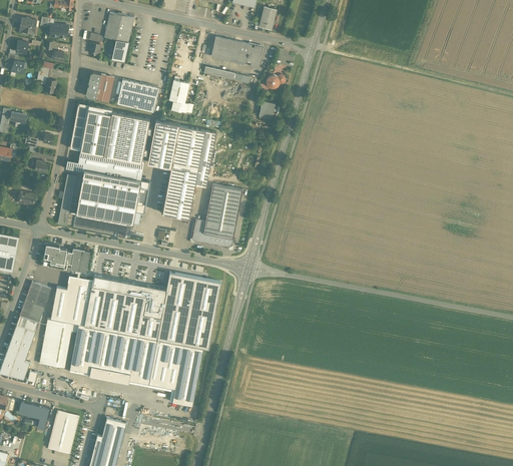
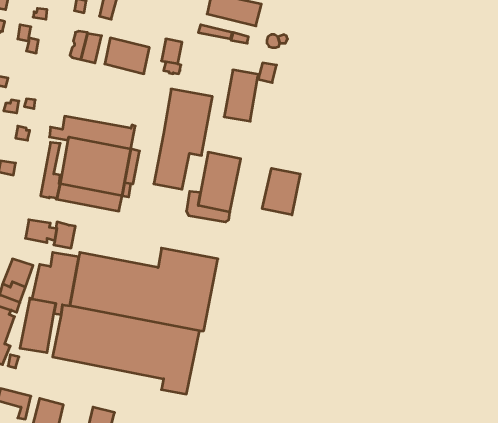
building: [69,102,148,161] -> none
building: [146,119,178,166] -> [224,70,259,121]
building: none -> [262,168,300,215]

